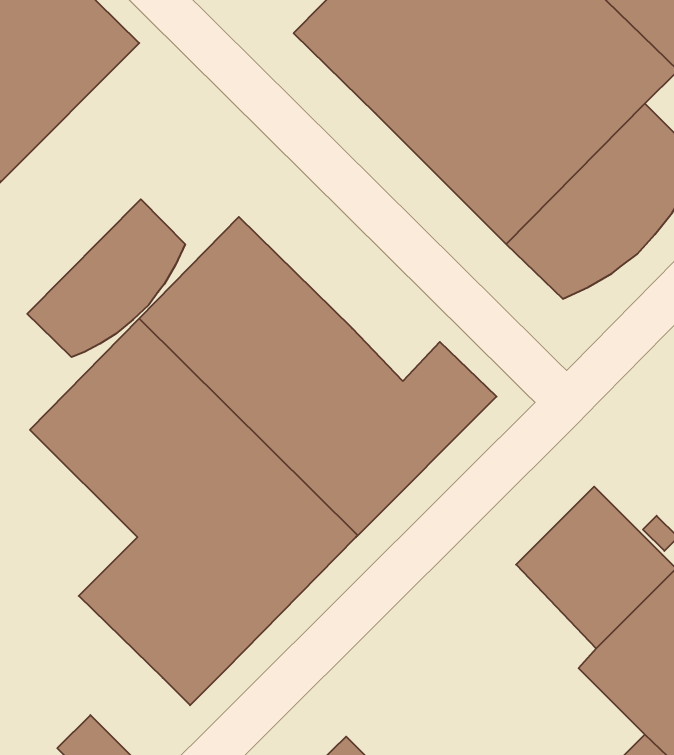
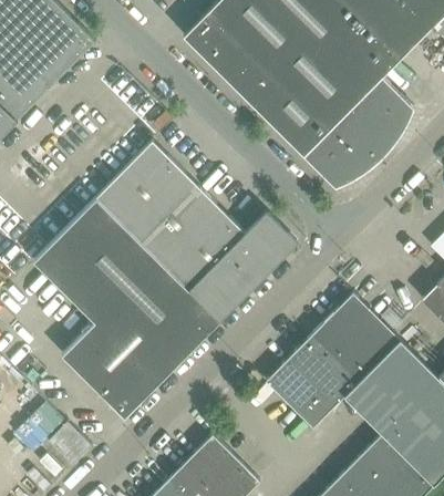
building: [27,199,185,357] -> none
building: none -> [266,338,354,428]

